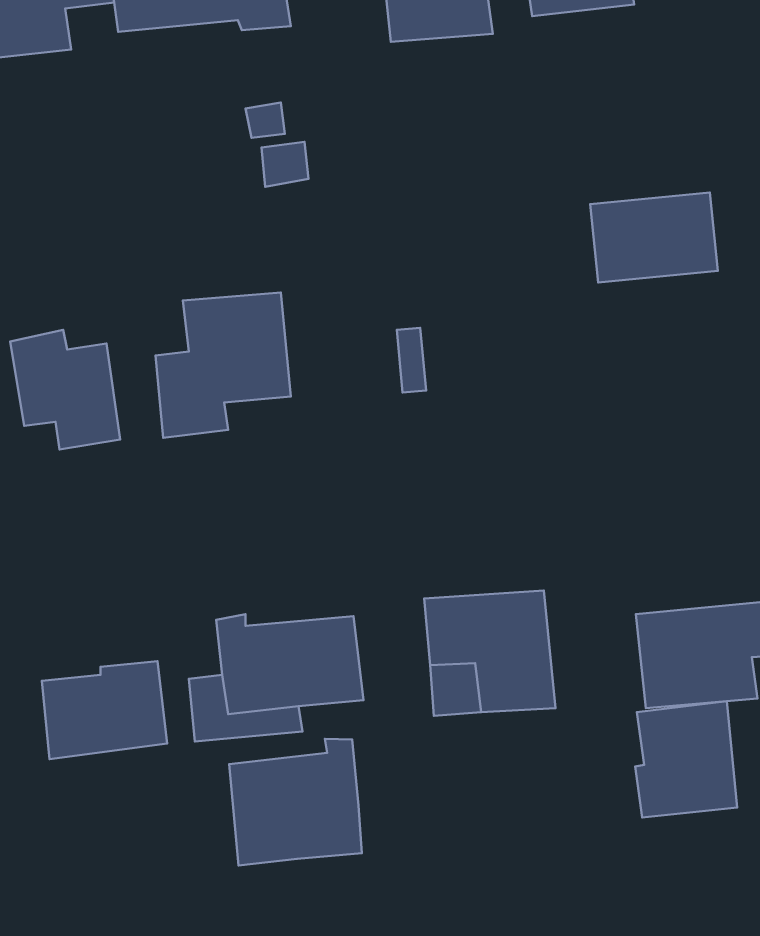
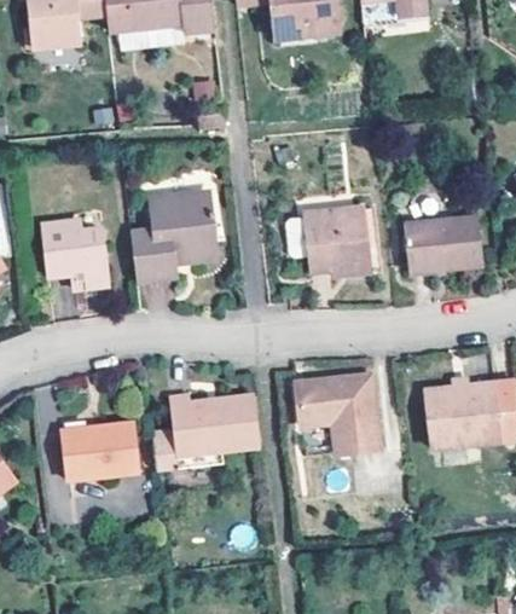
building: [590,192,718,283] -> [402,214,481,270]
building: none -> [306,213,367,274]
building: [635,701,737,818] -> none
building: [229,739,362,866] -> none

